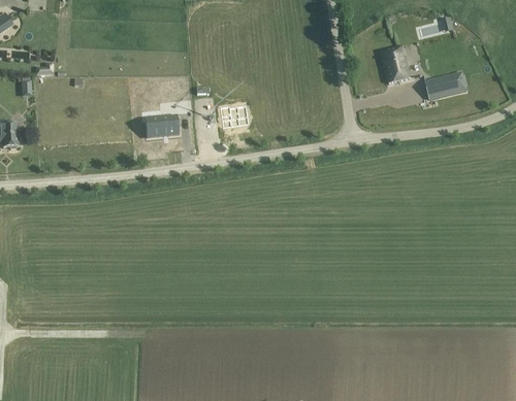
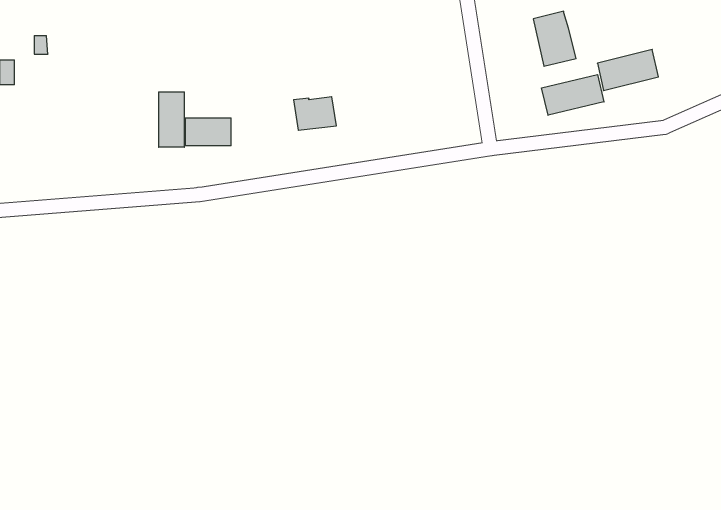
building: none -> [542,75,604,115]
building: none -> [159,92,184,147]

